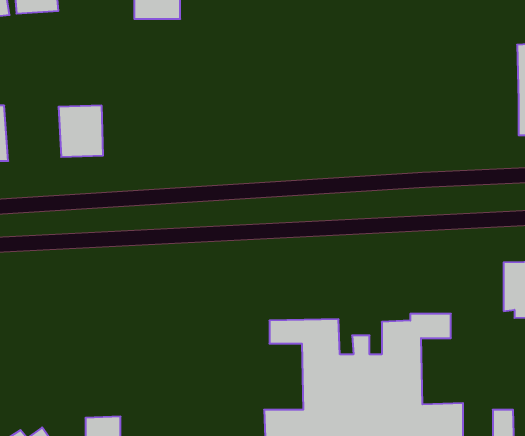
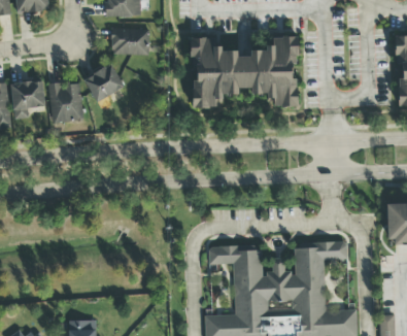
building: none -> [111,28,148,55]
building: none -> [188,36,299,108]
building: none -> [83,63,125,102]
building: none -> [10,79,45,119]

